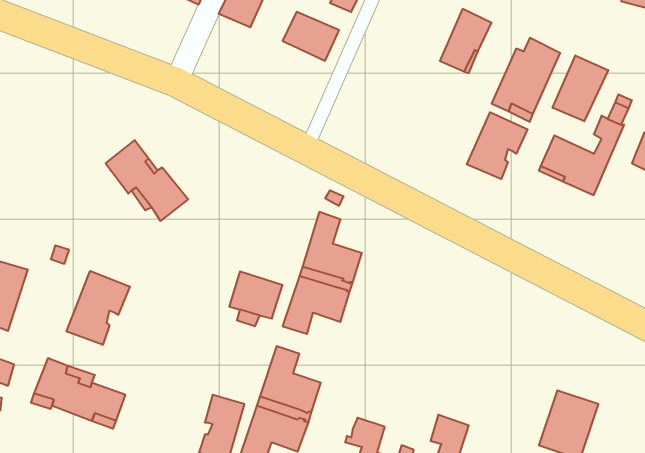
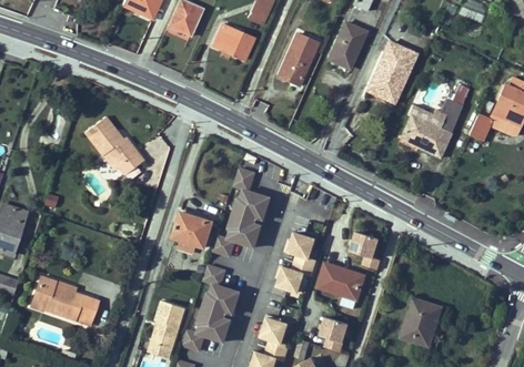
building: none -> [279,33,319,85]
building: [553,55,608,121] -> none
building: [467,112,528,179] -> none
building: [67,271,130,345] -> none
building: none -> [350,232,381,269]
building: none -> [278,234,316,294]
building: none -> [316,264,366,310]

